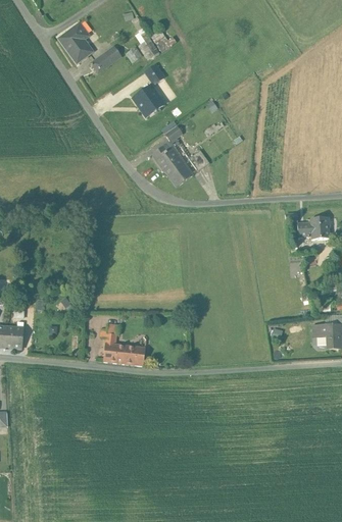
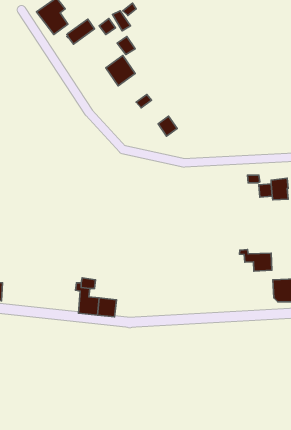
building: [151,142,194,186] -> none
building: none -> [239,250,272,271]

